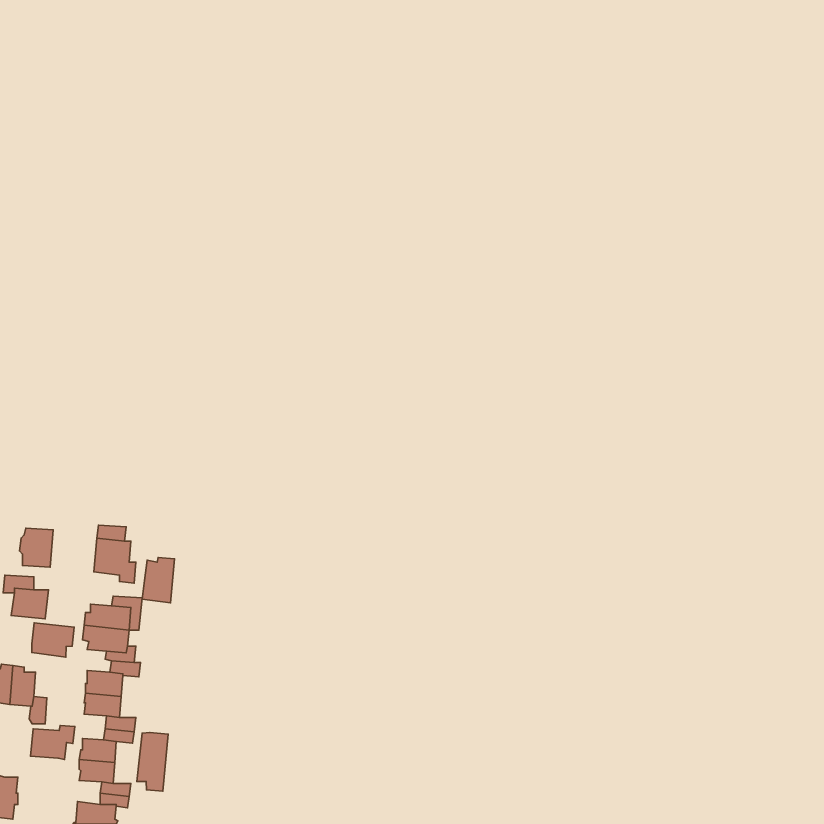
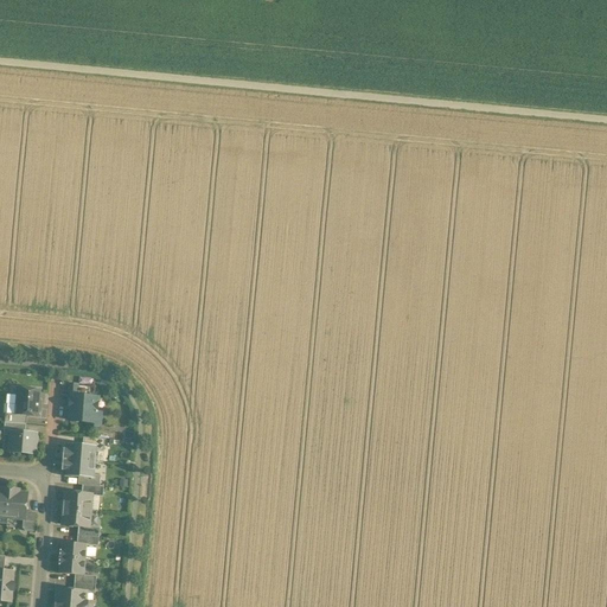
building: [142,557,175,603] -> none
building: [32,623,74,657] -> none
building: [31,726,75,759] -> none
building: [137,733,168,791] -> none

